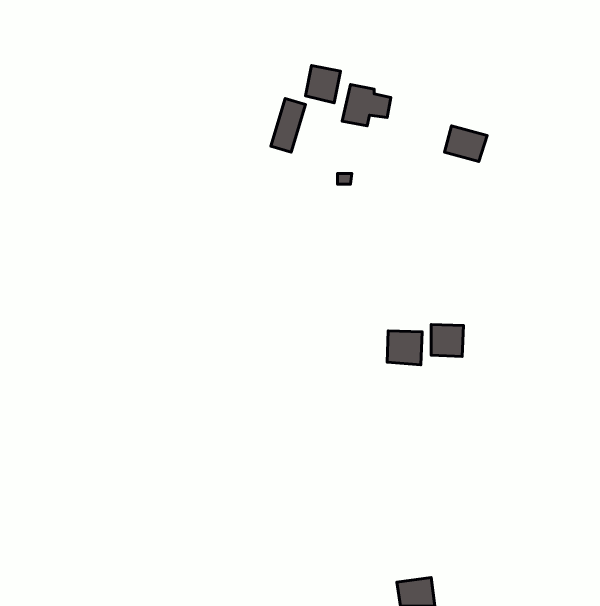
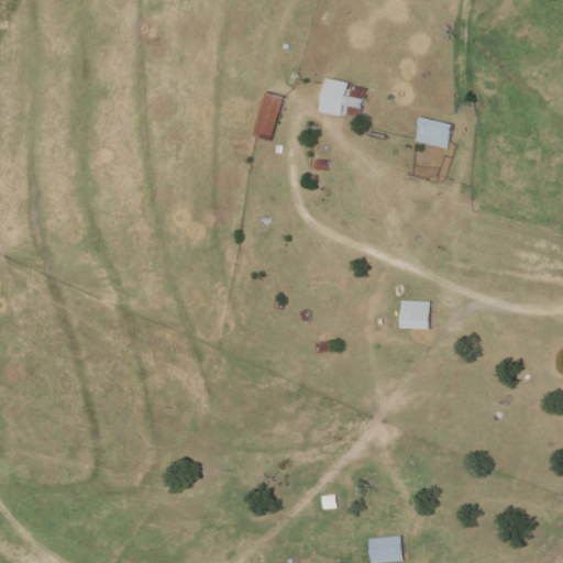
building: [305,65,341,103] -> none
building: [387,331,422,365] -> none

